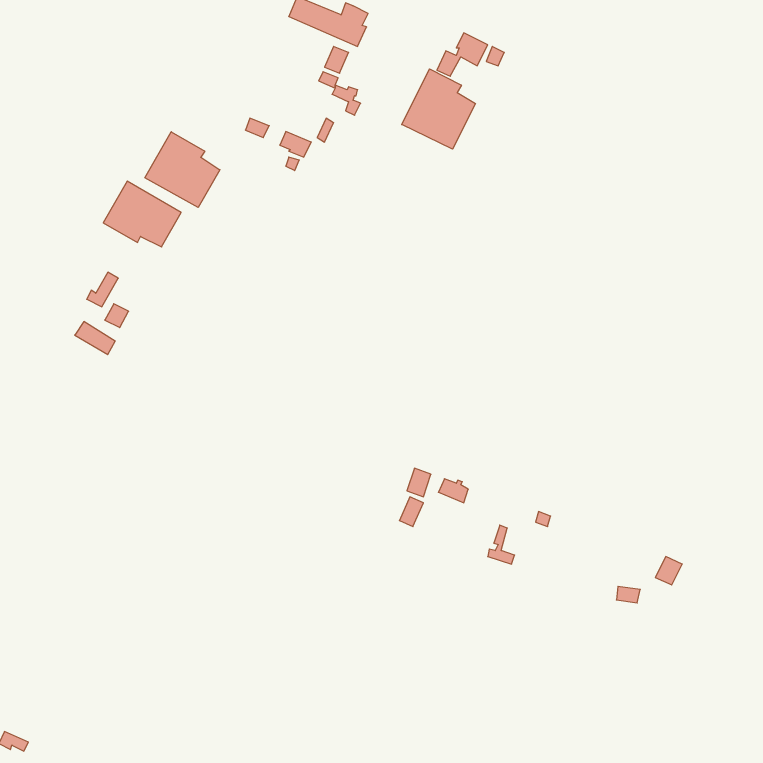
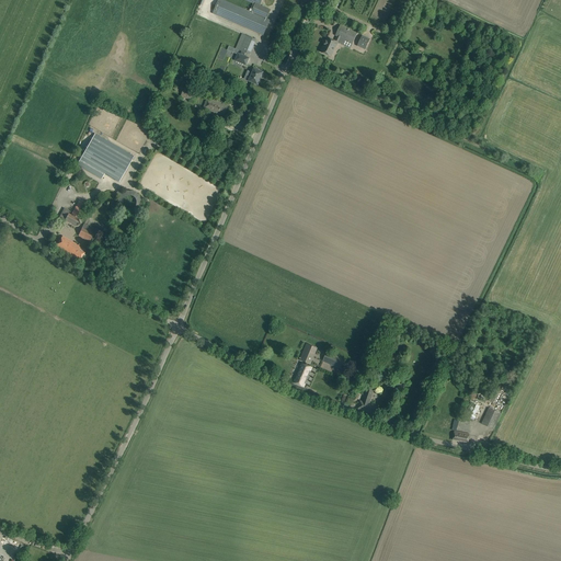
building: [402,69,475,149] -> none
building: [145,132,220,207] -> none

